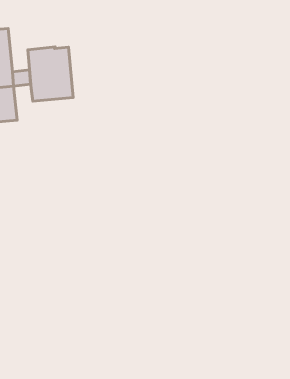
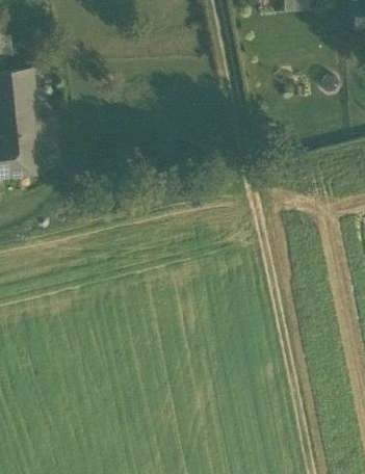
building: [28,47,73,101] -> none

